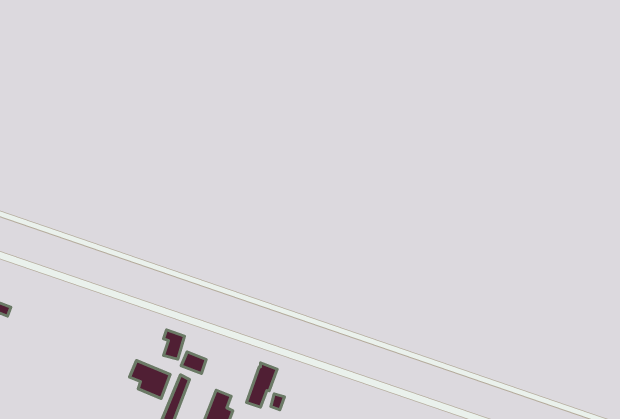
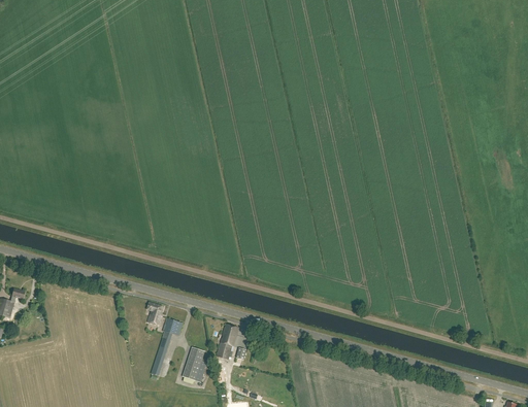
building: [130,361,170,398] -> none

